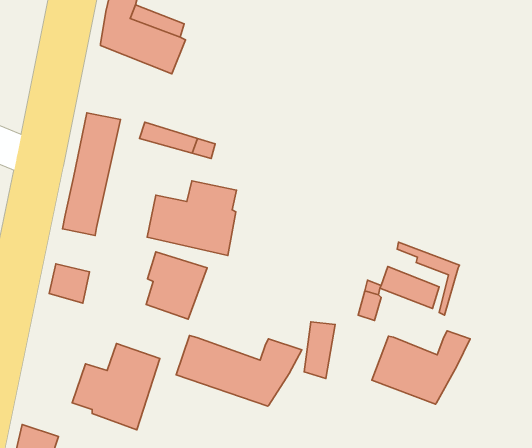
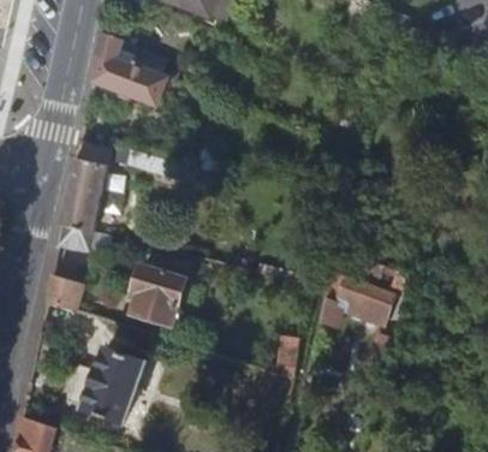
building: [147,181,236,255] -> none
building: [372,331,470,404] -> none
building: [176,336,302,406] -> none

